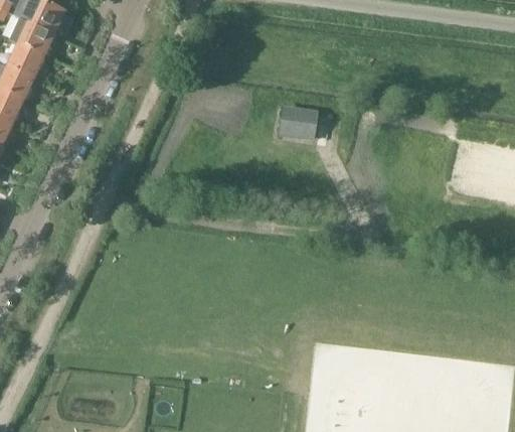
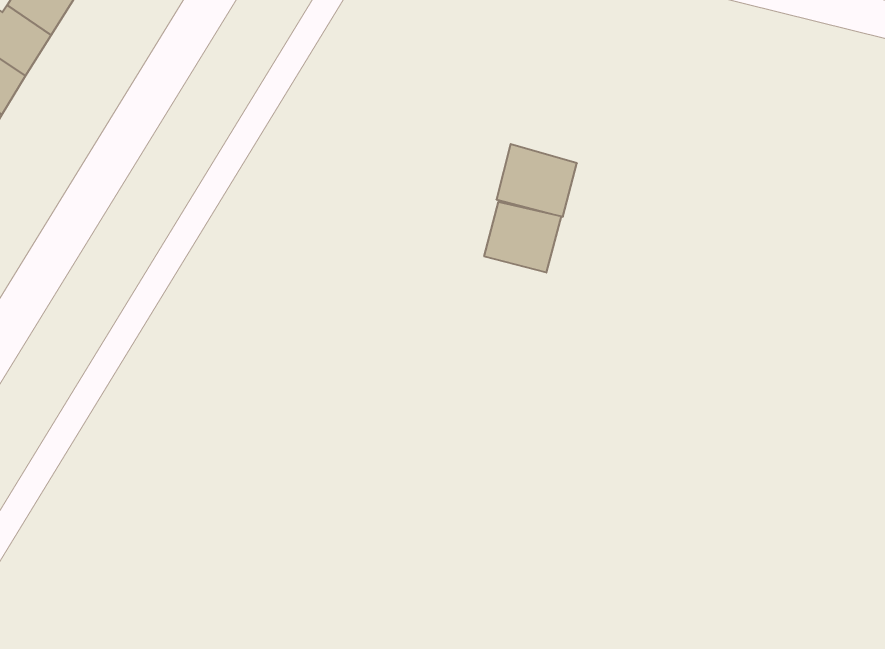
building: none -> [484,202,561,273]

